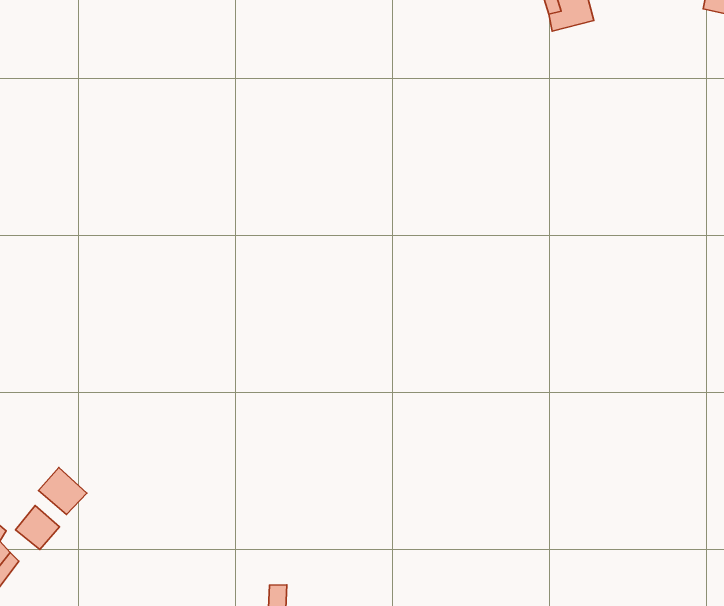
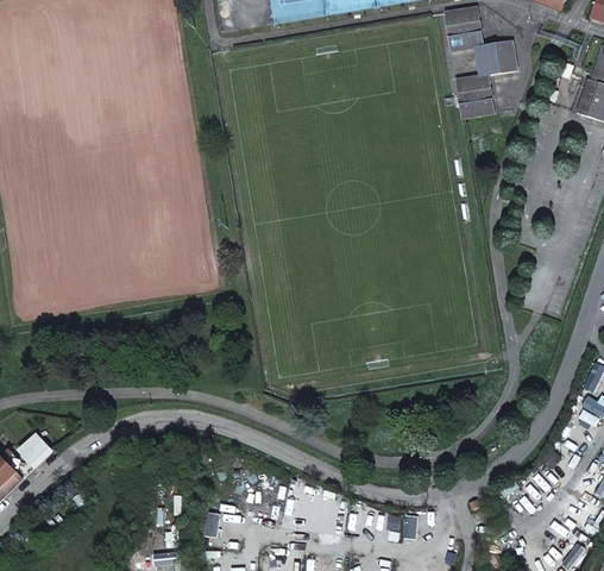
building: [39,467,87,515] -> none

